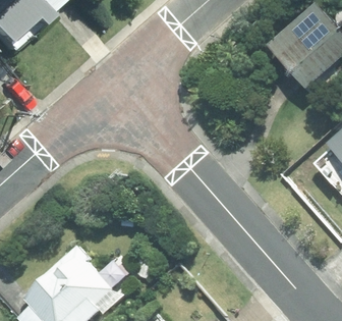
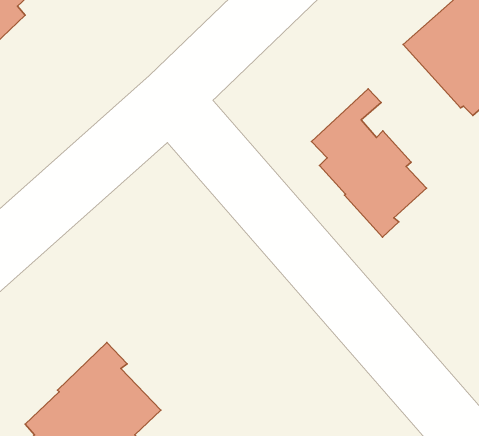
building: none -> [312,89,426,237]

